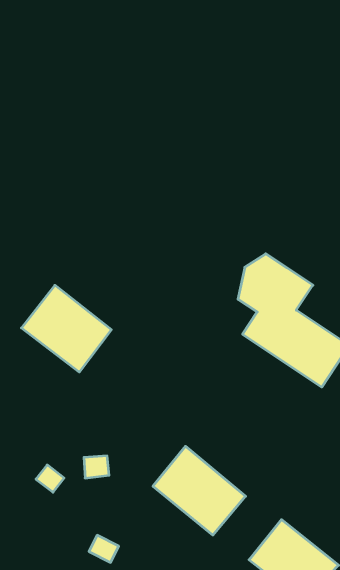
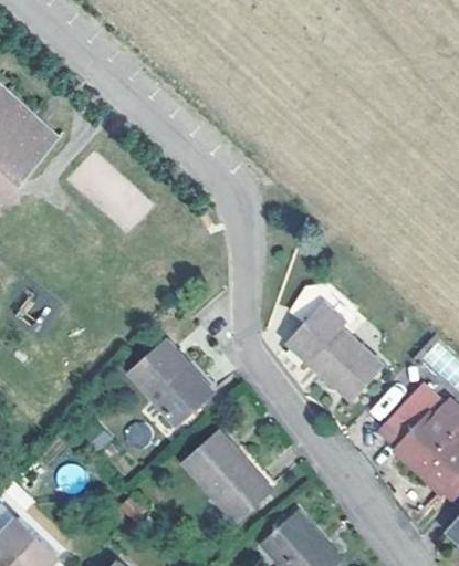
building: [21,285,111,372] -> [129,338,210,420]

